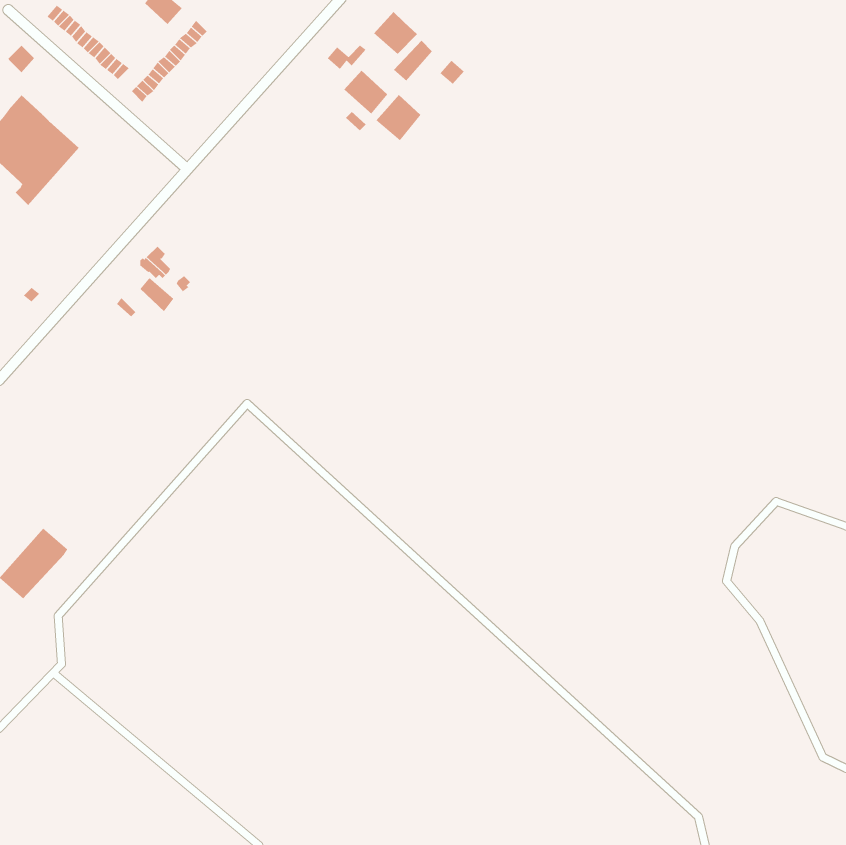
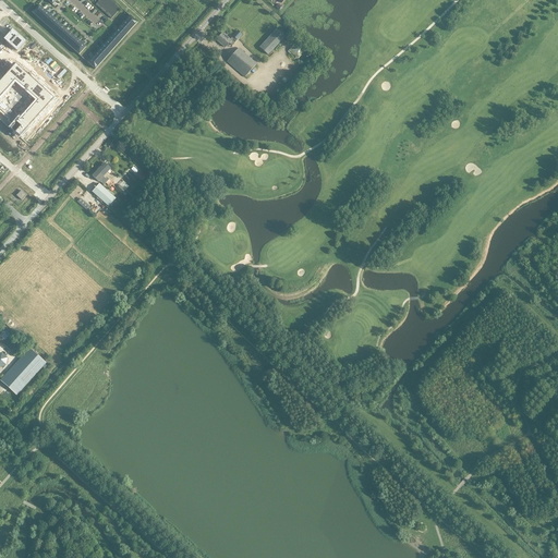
building: [373,11,418,55] -> none
building: [376,94,421,141] -> none

